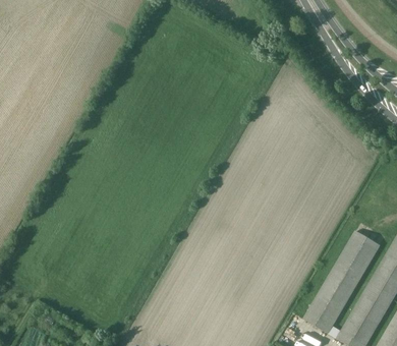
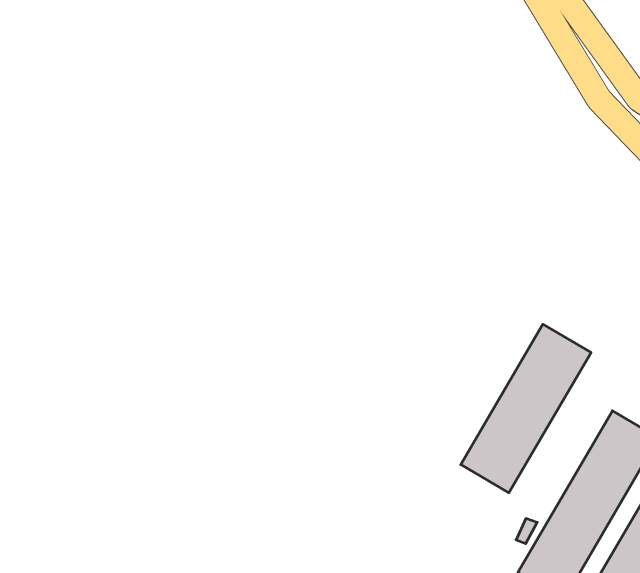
building: none -> [461,324,591,493]

